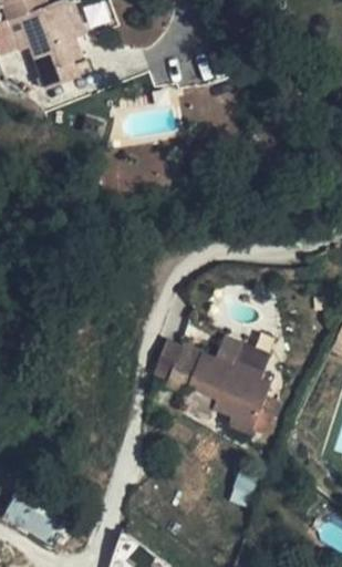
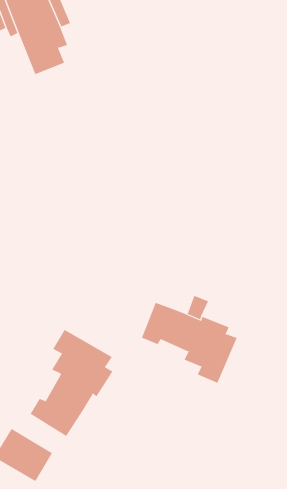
building: none -> [30,329,113,437]

